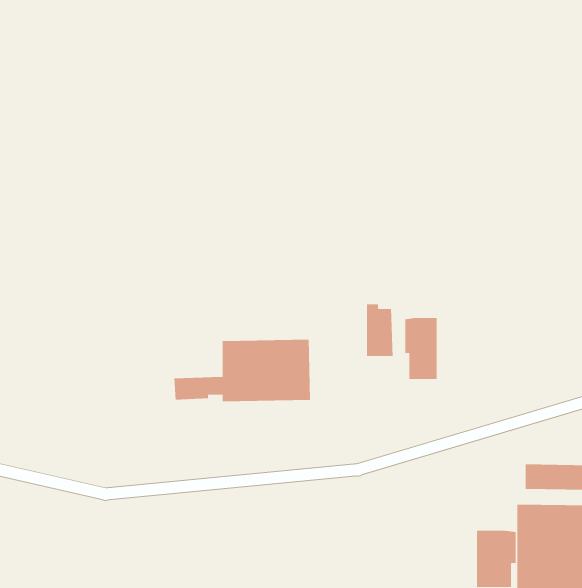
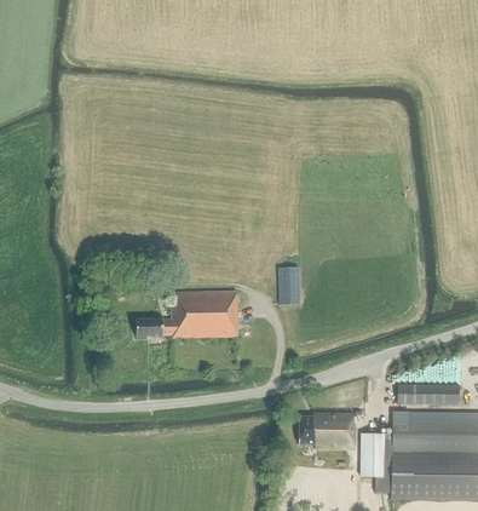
building: [405,317,438,380] -> none
building: none -> [298,413,355,449]

